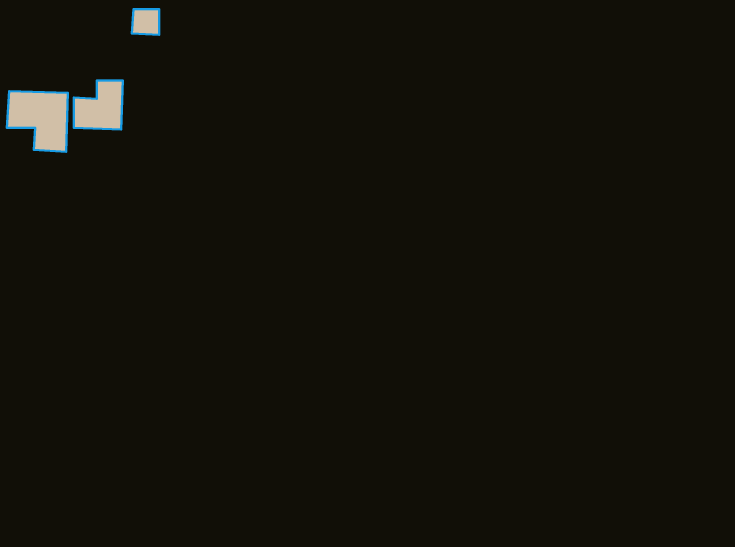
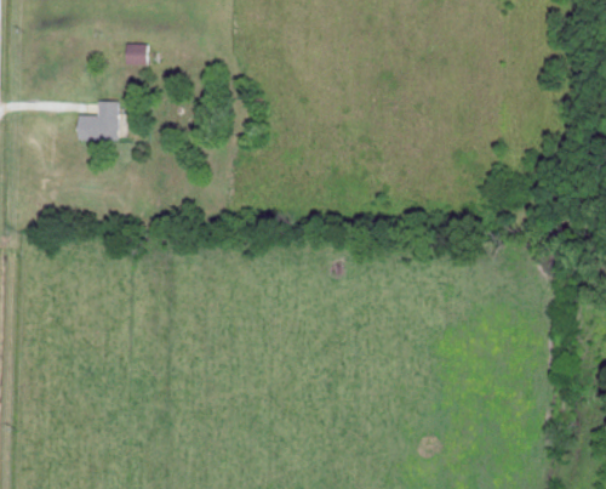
building: [7,91,68,152] -> none

